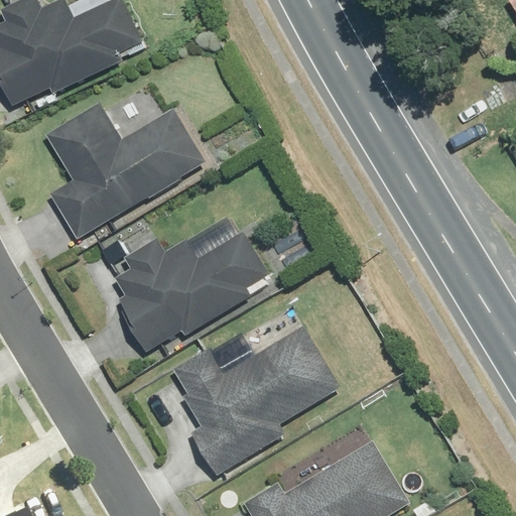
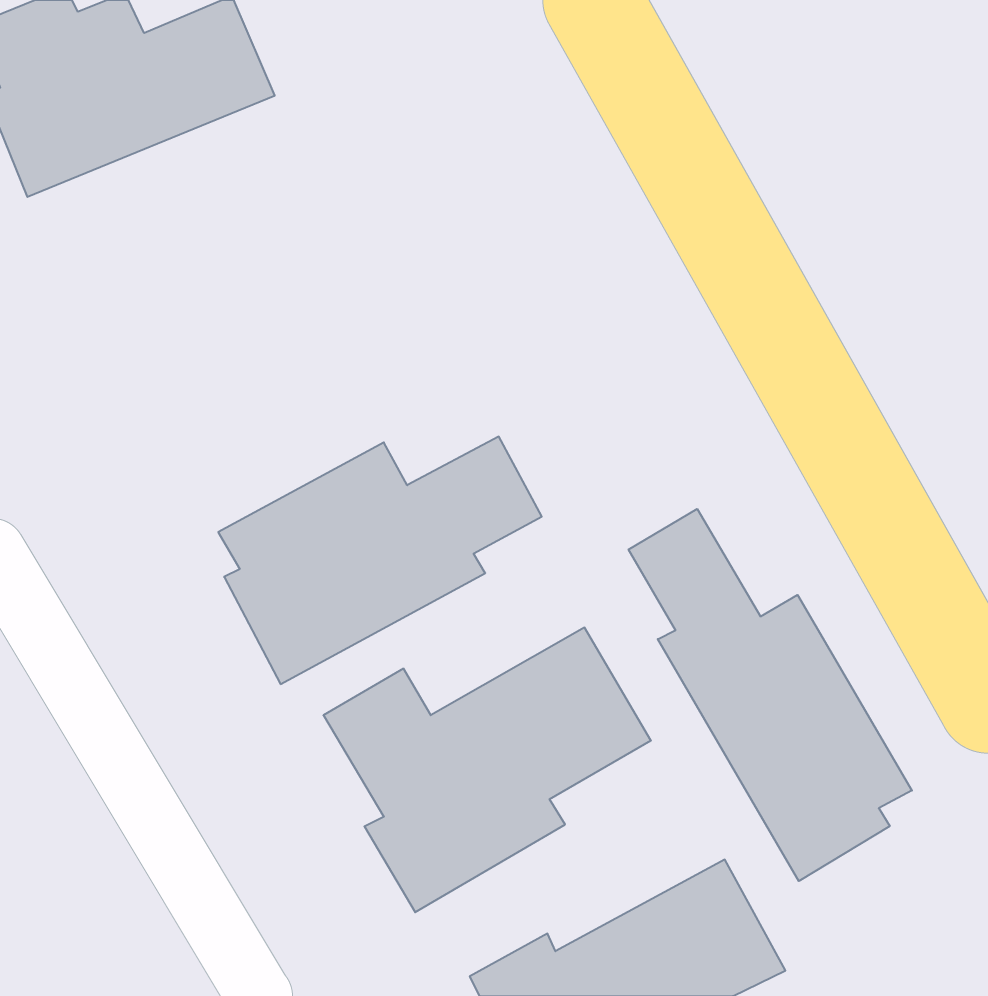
building: [39,104,207,245] -> none
building: none -> [629,509,912,881]

